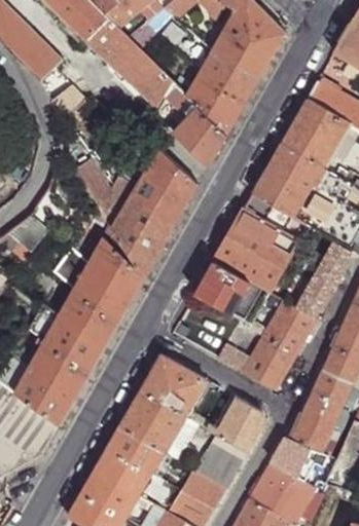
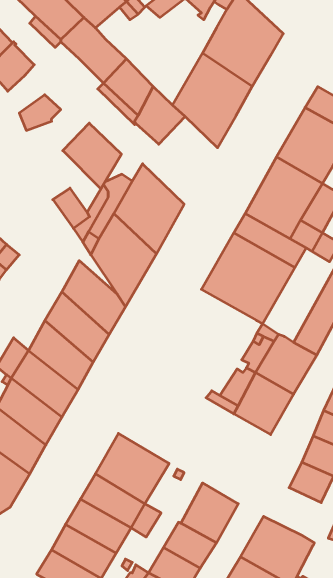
building: [175,107,227,165] -> [63,123,121,189]
building: [192,261,262,325] -> none
building: [139,354,204,416] -> none
building: [206,393,264,452] -> none
building: [268,436,320,481] -> none

